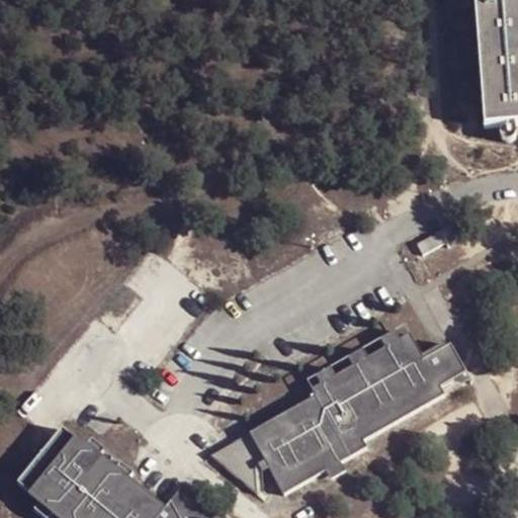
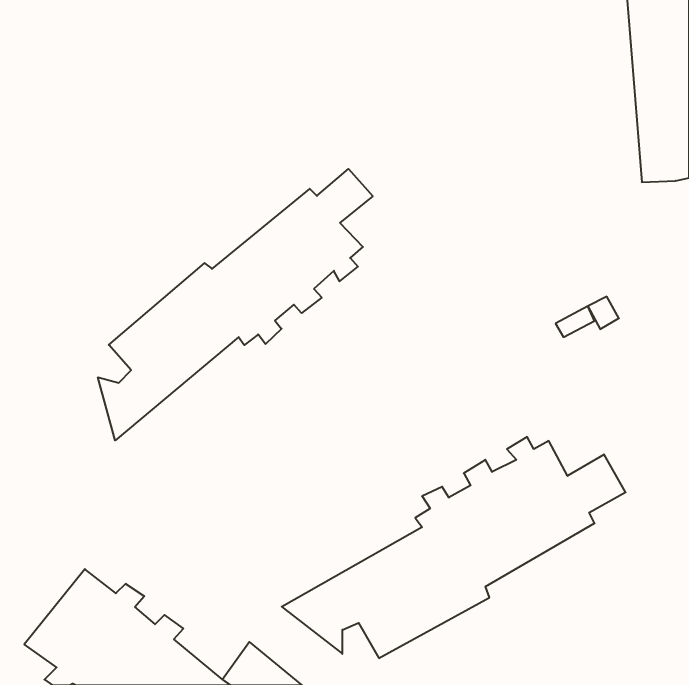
building: none -> [98,169,373,440]

